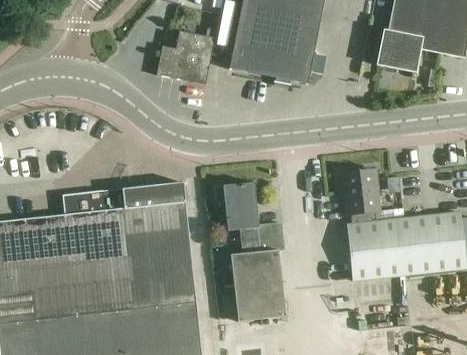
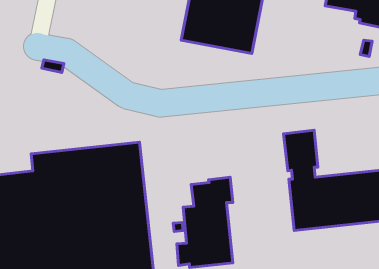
building: [376,30,422,72] -> none
building: [156,31,214,85] -> none
building: [218,182,260,230] -> none

